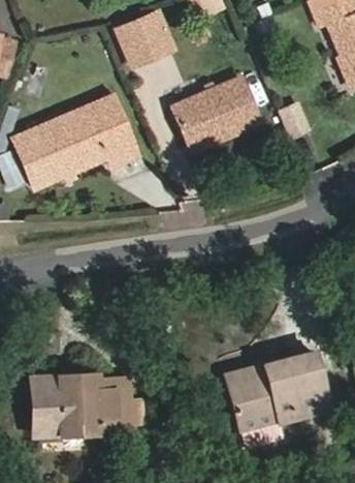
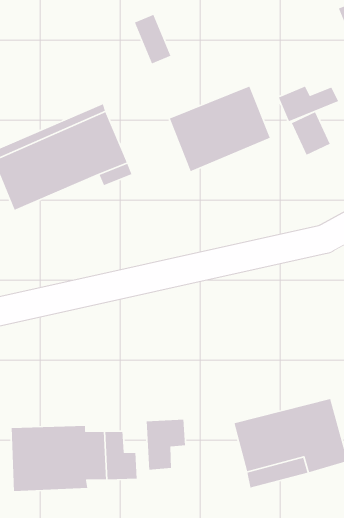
building: [118,21,154,66] -> none
building: none -> [278,86,339,122]
building: none -> [146,419,186,470]

